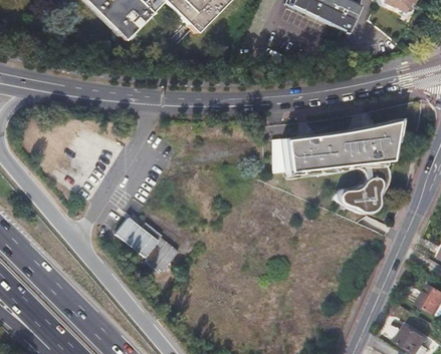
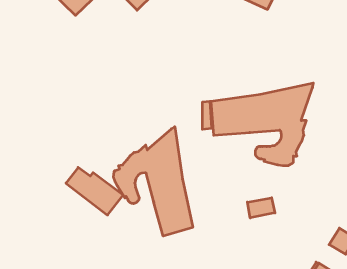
building: none -> [113,127,193,236]
building: none -> [247,198,275,218]

